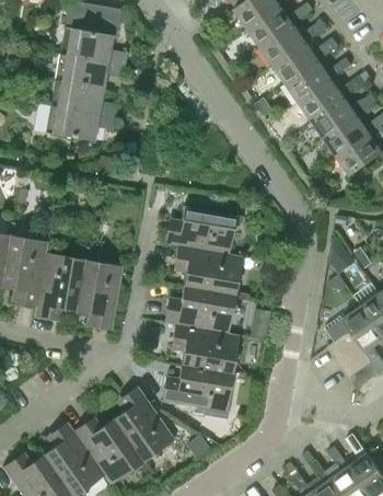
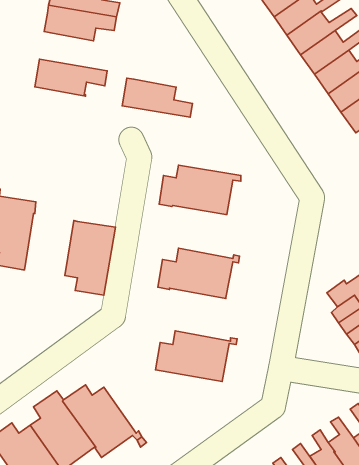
building: [49,80,116,117] -> [122,78,192,117]
building: [171,245,240,296] -> none
building: [32,253,86,322] -> none
building: [169,324,237,374] -> none
building: [111,385,173,462] -> none

